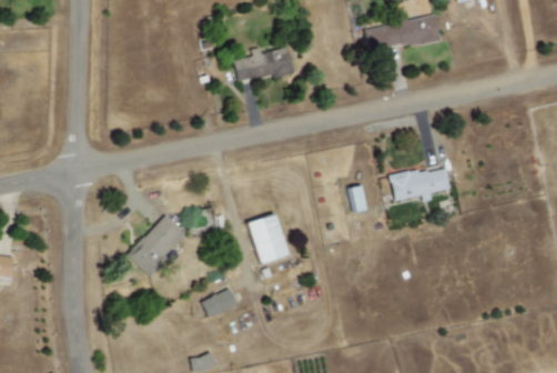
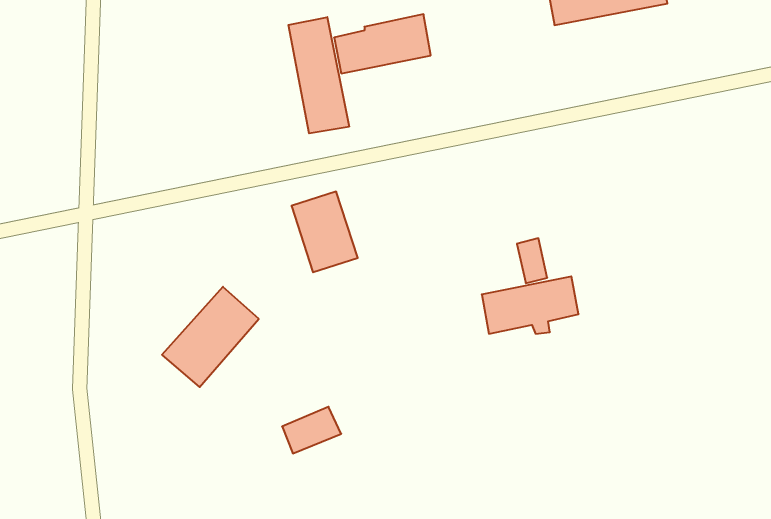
building: none -> [288,17,349,133]
building: [389,165,449,201] -> [482,276,579,334]
building: [246,213,287,263] -> [291,192,358,272]

